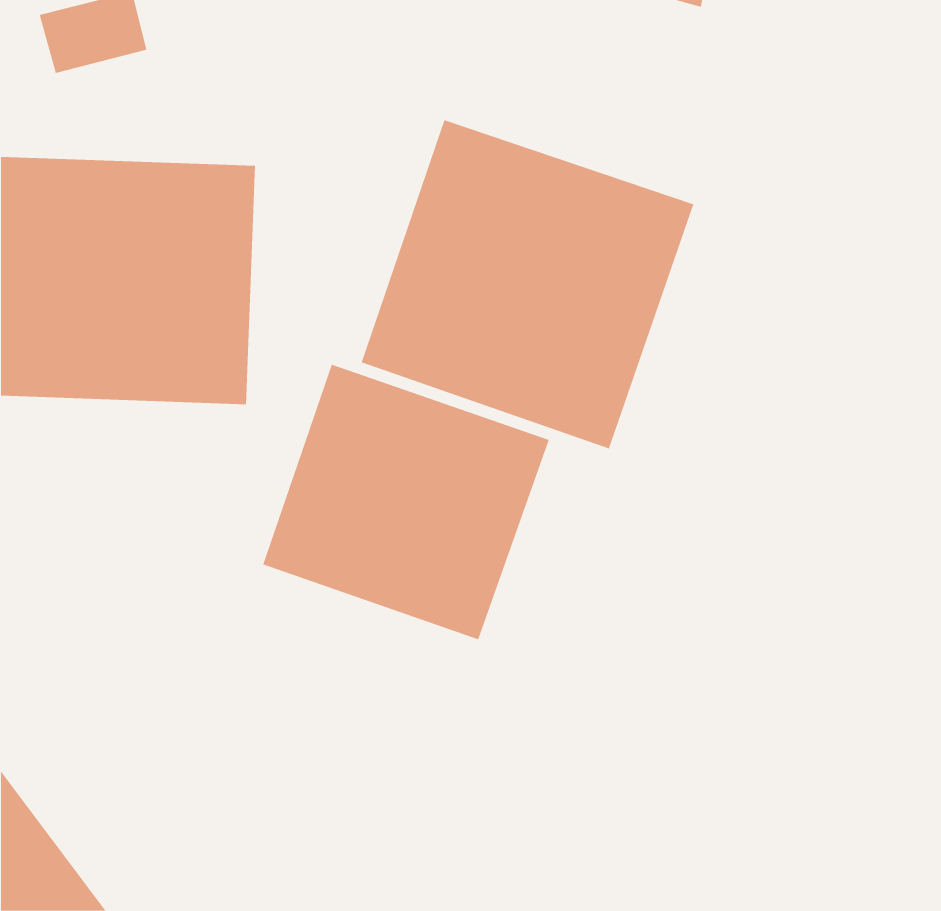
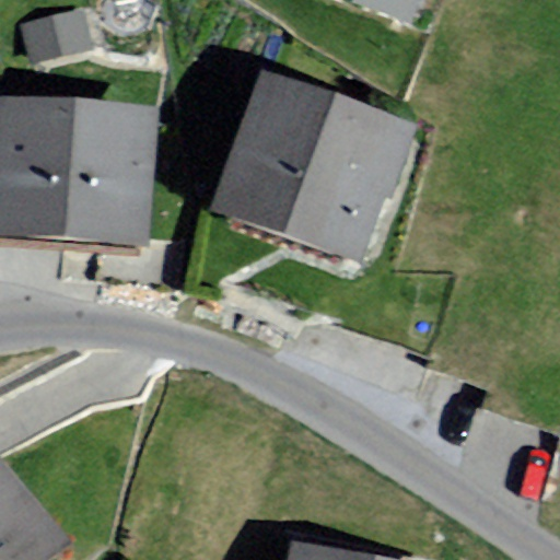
building: [263,364,550,640] -> none

